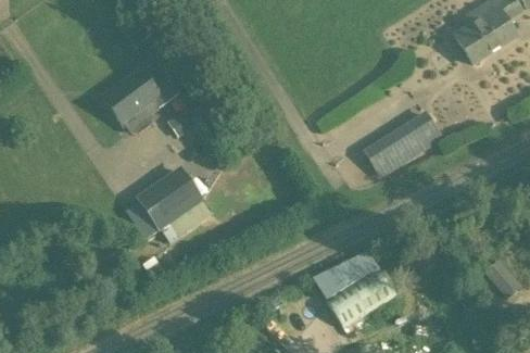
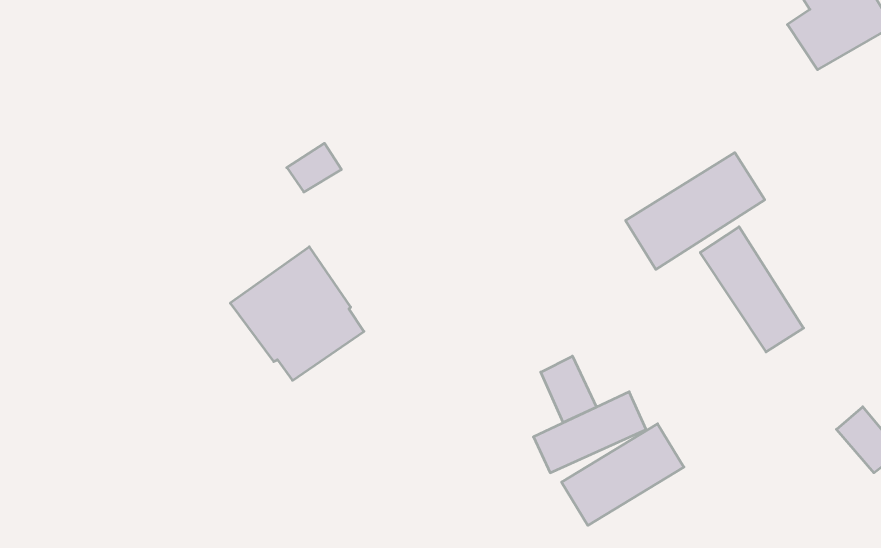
building: [103,61,179,135] -> none
building: none -> [700,227,804,352]
building: none -> [541,356,596,422]

